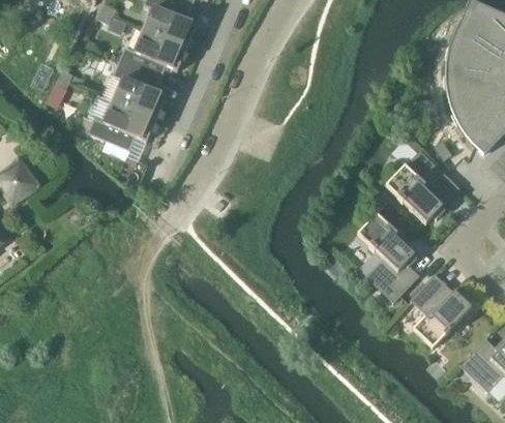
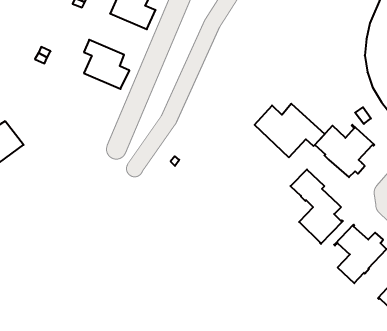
building: [118,29,186,78] -> none
building: [87,99,155,150] -> none
building: none -> [255,104,325,157]

